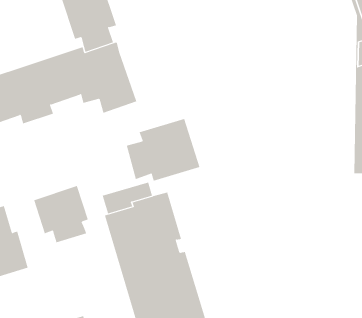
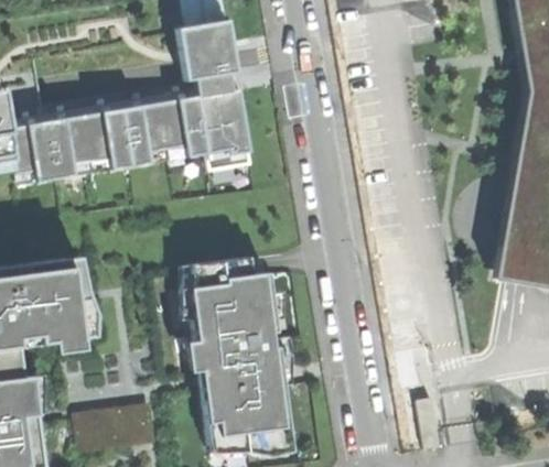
building: [126,118,200,181] -> none
building: [33,185,89,243] -> none

